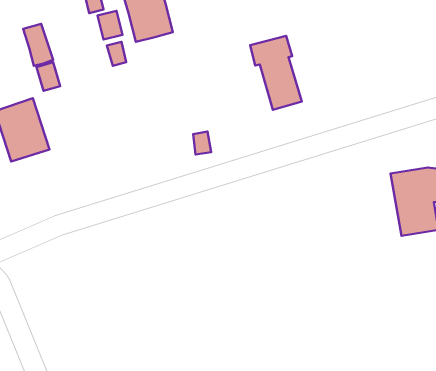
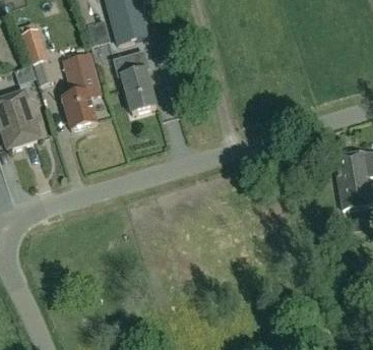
building: [250,36,302,110] -> [113,50,157,113]
building: none -> [62,54,101,129]

